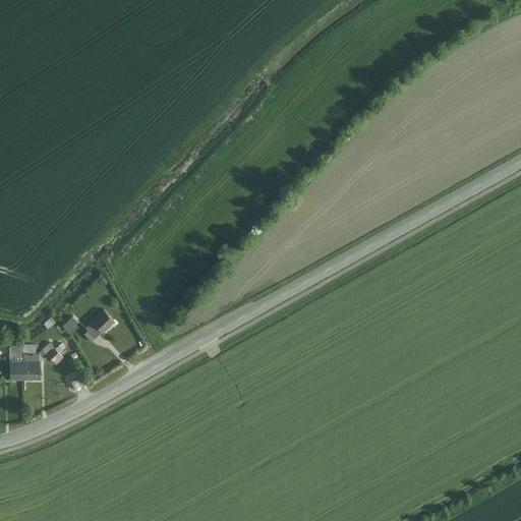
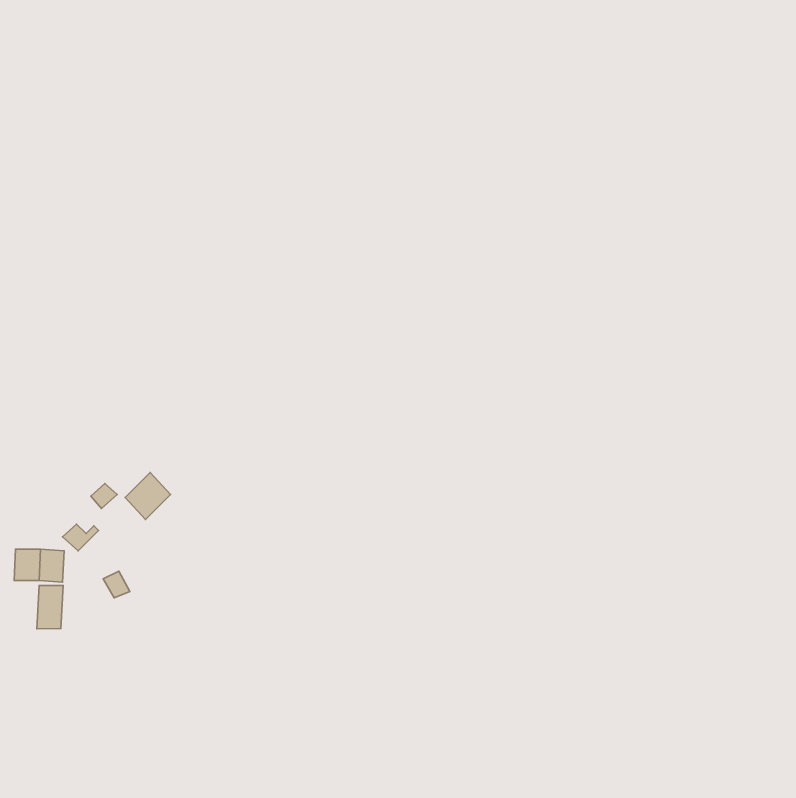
building: none -> [37,585,63,629]

